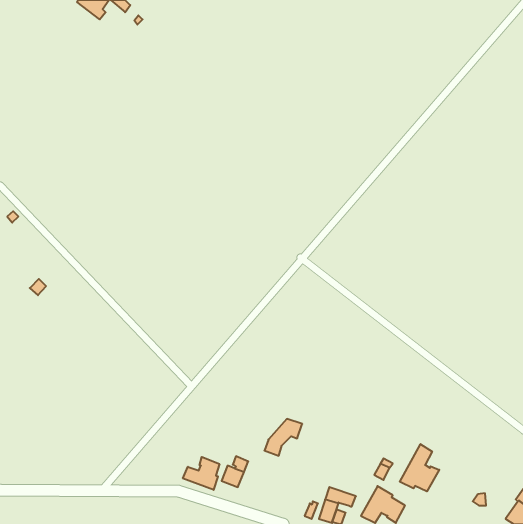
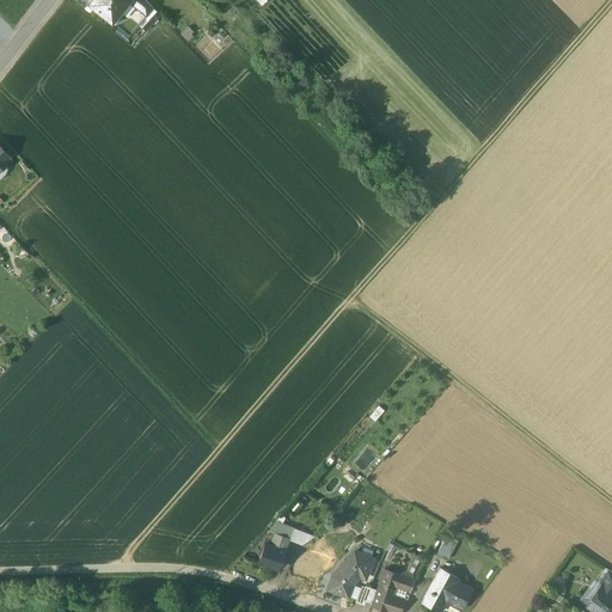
building: [264,419,302,456] -> [329,551,373,594]
building: [400,444,439,491] -> none
building: [183,457,219,490] -> none

